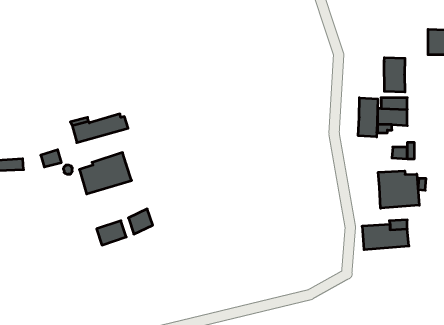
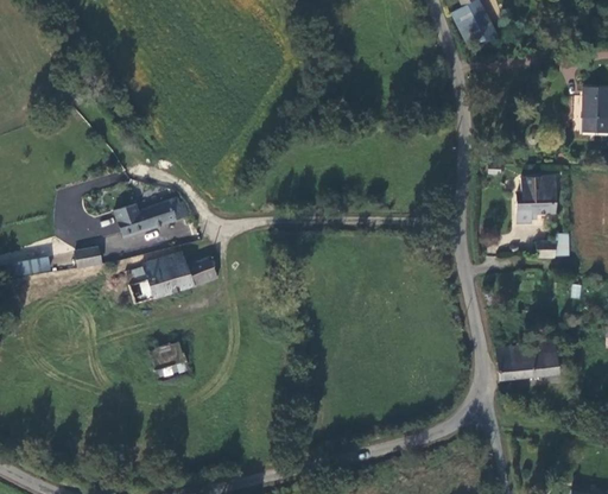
building: [384,58,405,92] -> none
building: [358,98,378,137] -> none
building: [378,171,419,208] -> none
building: [128,209,153,234] -> [185,253,217,286]

